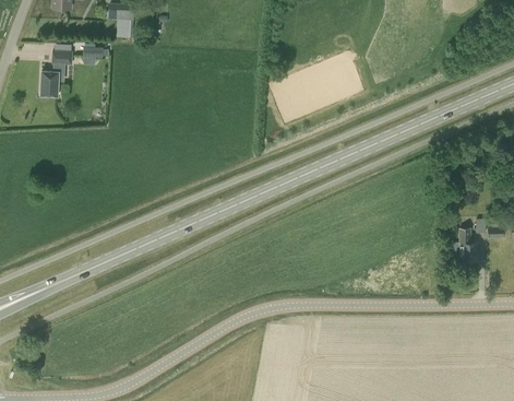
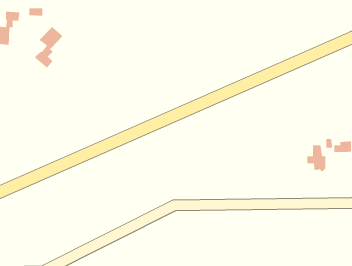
building: none -> [34,26,64,68]

